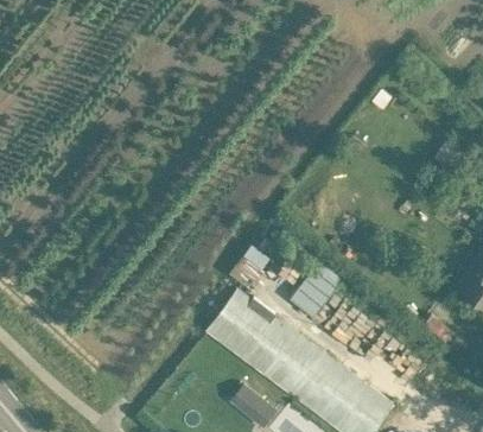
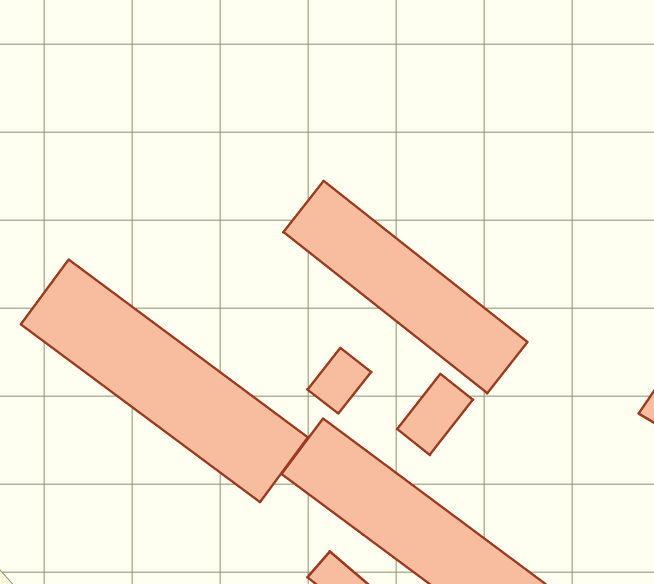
building: none -> [283,181,527,393]
building: none -> [21,260,308,502]

